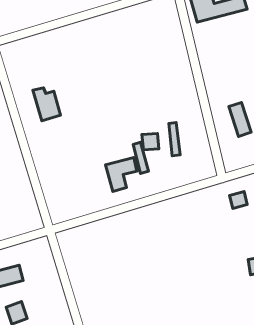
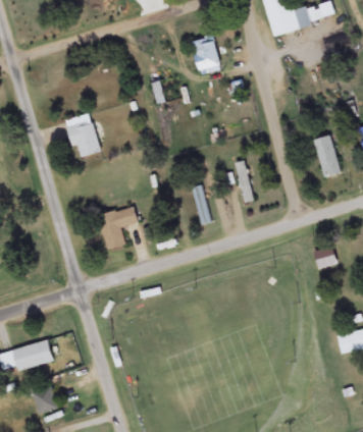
building: none -> [193,37,219,75]
building: [142,133,159,150] -> none
building: [105,158,137,192] -> [98,207,138,250]

